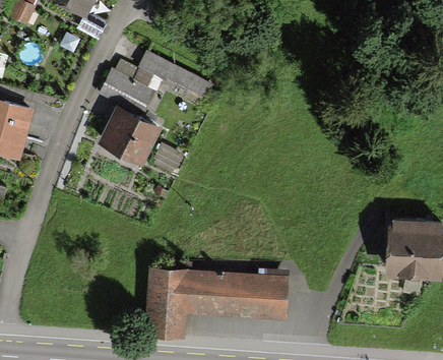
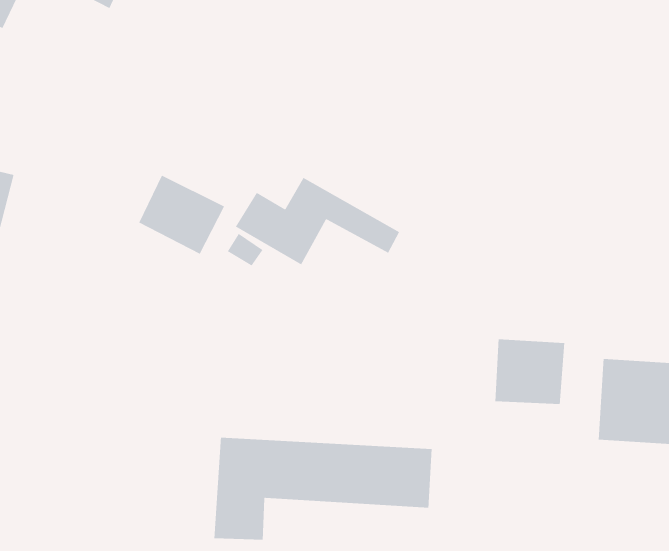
building: [110,49,210,103] -> [235,177,400,265]
building: none -> [495,338,565,405]

